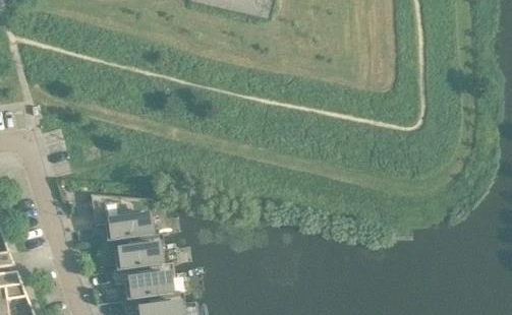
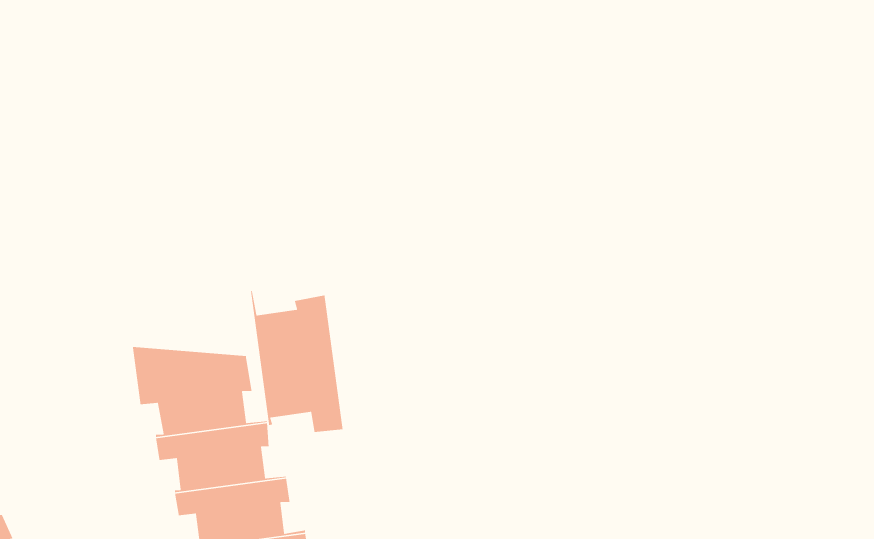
building: none -> [250,290,343,433]

